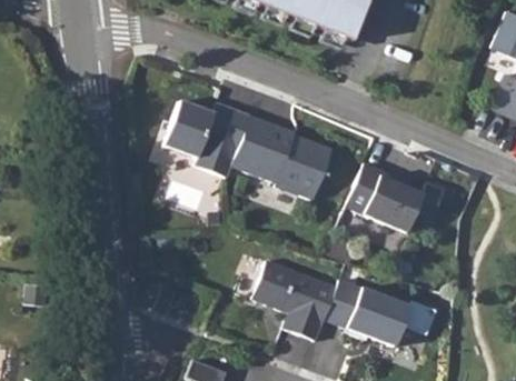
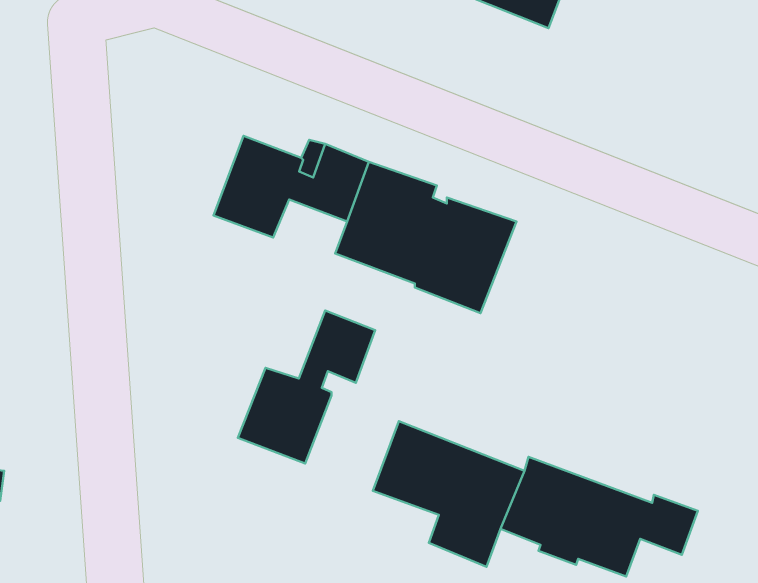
building: [347,163,445,233] -> none
building: none -> [238,310,375,464]

